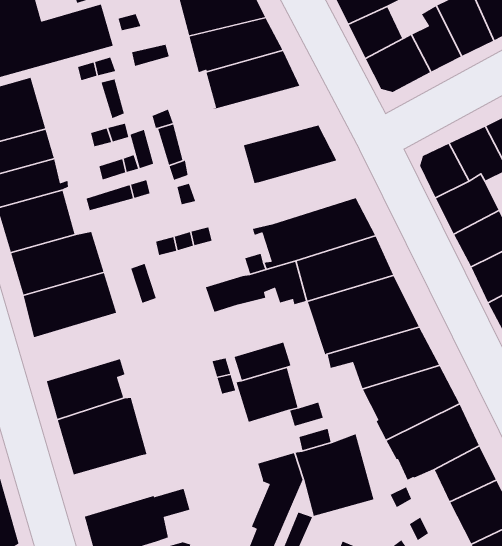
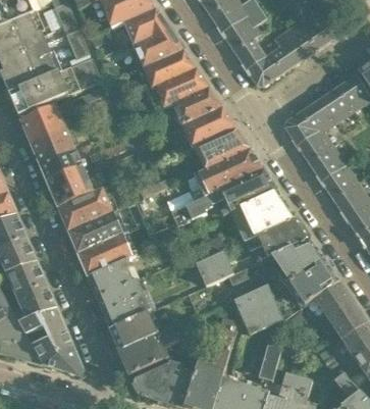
building: none -> [162,90,224,127]
building: none -> [195,130,251,170]
building: none -> [77,233,137,276]
building: none -> [110,312,158,351]

